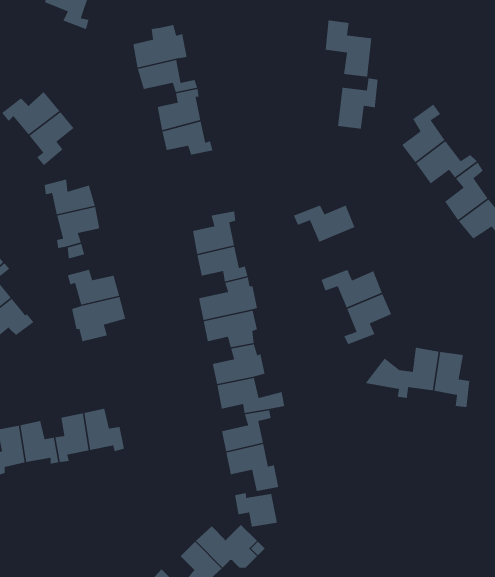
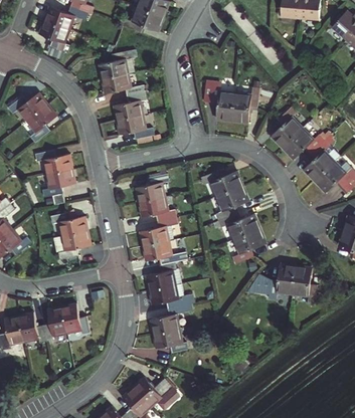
building: [325,19,372,78] -> [200,78,231,117]
building: none -> [215,183,247,217]
building: [234,492,278,528] -> none

